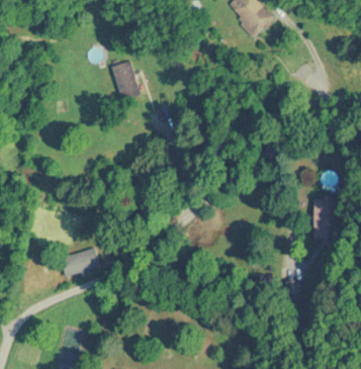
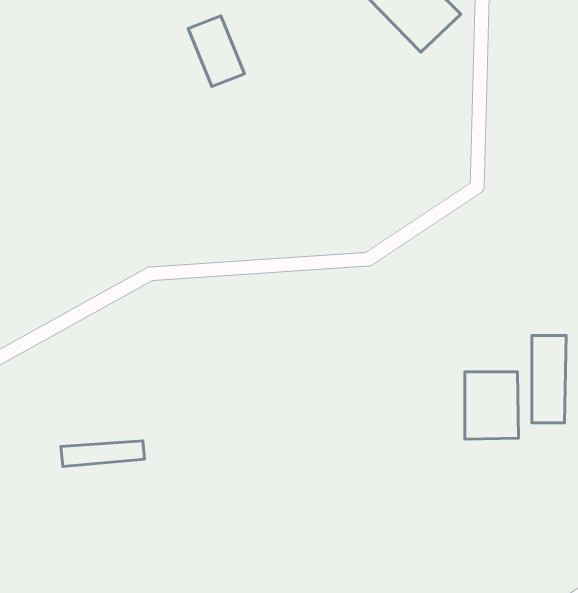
building: [111,60,143,99] -> [188,16,245,87]
building: none -> [465,372,519,439]

